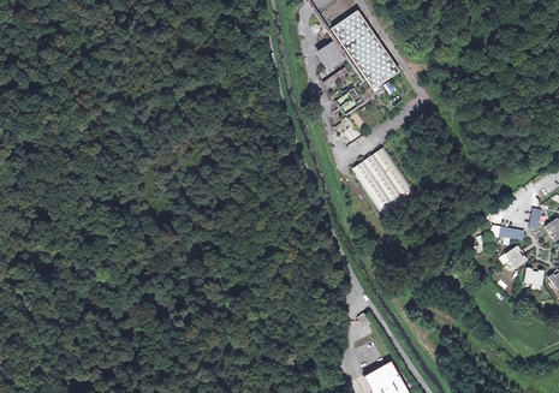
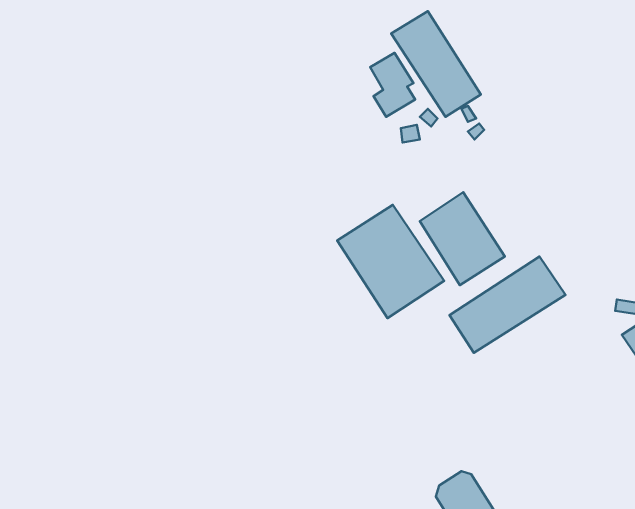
building: none -> [337,205,444,318]
building: none -> [449,257,566,353]

